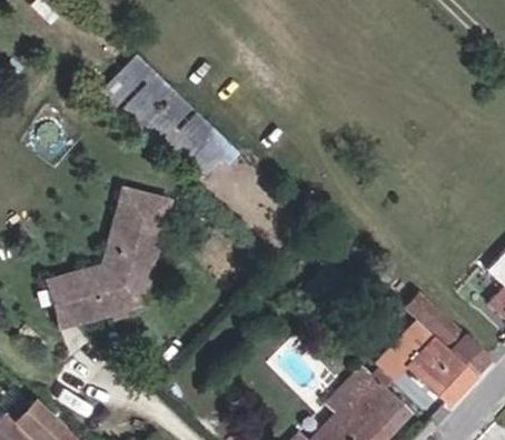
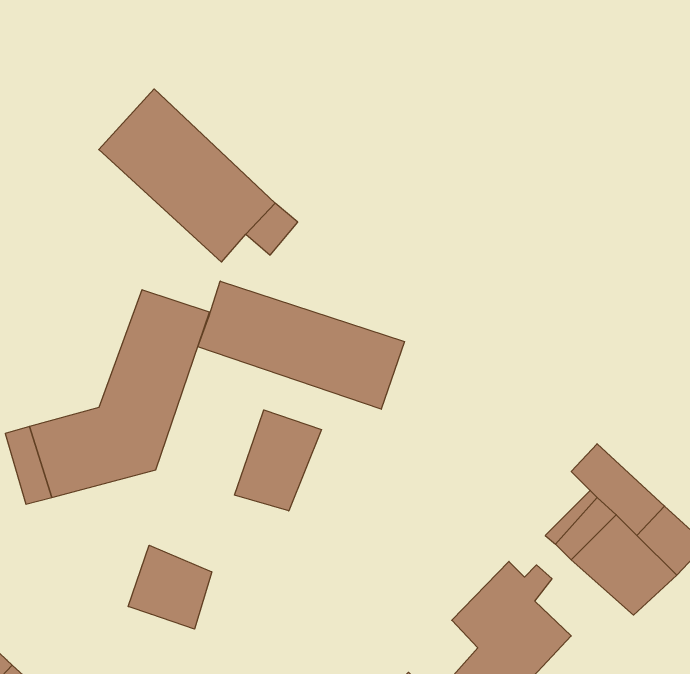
building: none -> [198,281,404,409]
building: none -> [235,410,321,511]
building: none -> [128,545,212,629]

